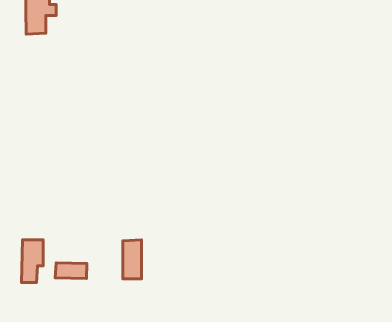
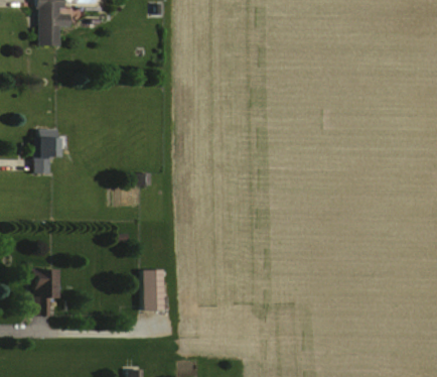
building: none -> [33,136,59,172]
building: [55,263,87,278] -> none

